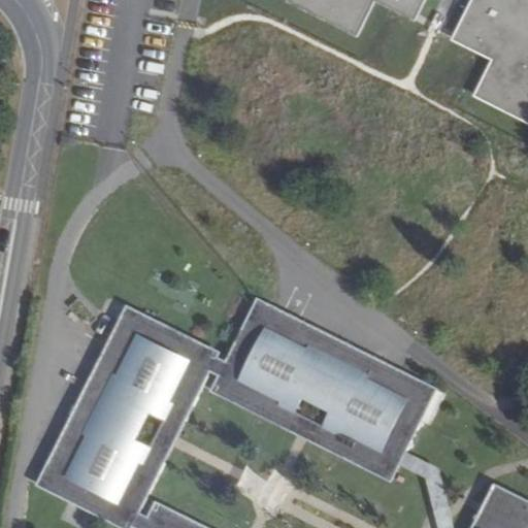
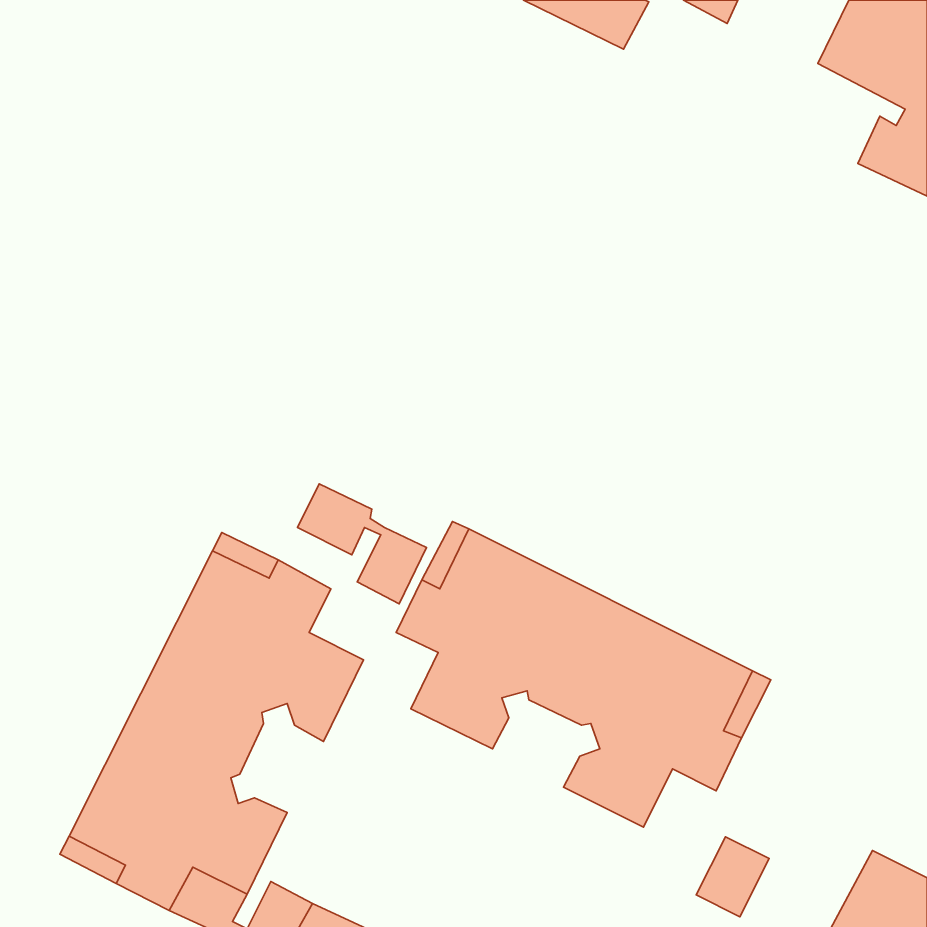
building: [175,335,249,403] -> [297,484,426,604]
building: [279,393,340,448] -> none
building: [131,400,184,462] -> none
building: [365,437,406,483] -> [696,837,769,917]

